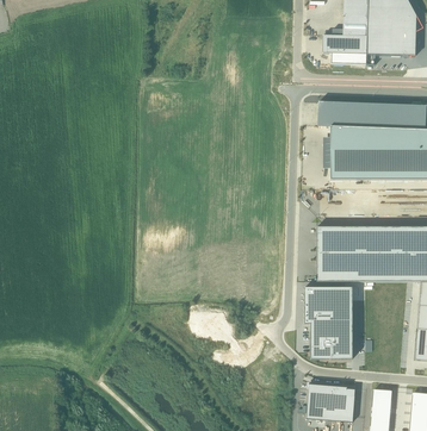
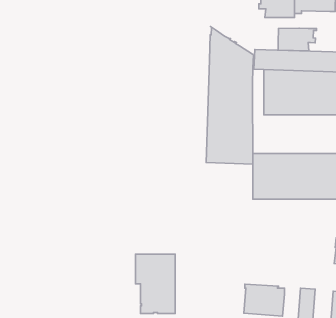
building: none -> [206,27,253,164]
building: none -> [278,28,317,51]
building: [304,287,352,358] -> [136,254,175,314]

